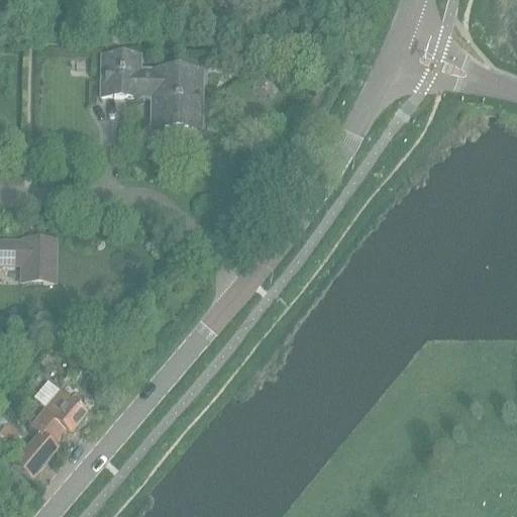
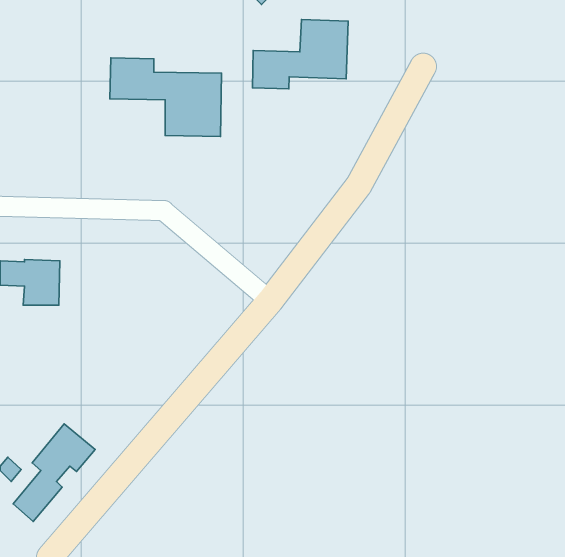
building: none -> [252,20,348,89]

